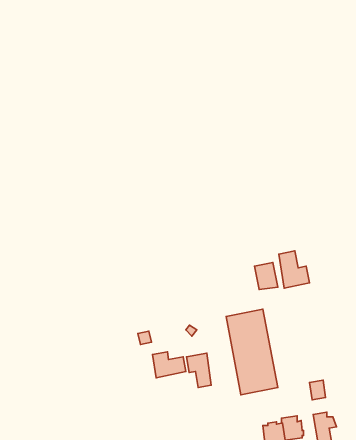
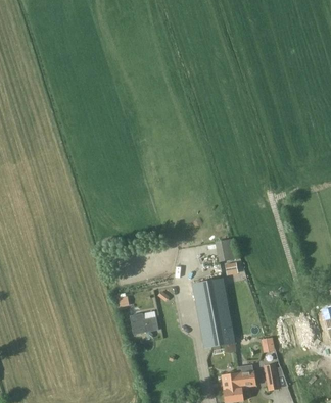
building: [279,251,310,288] -> none
building: [187,353,211,387] -> none

